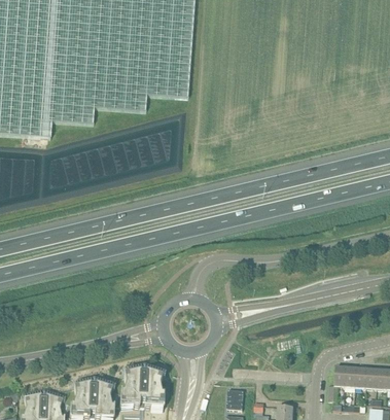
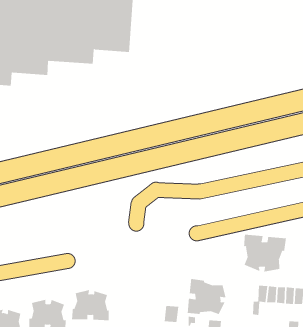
building: none -> [243,234,286,273]
building: none -> [187,278,226,315]

